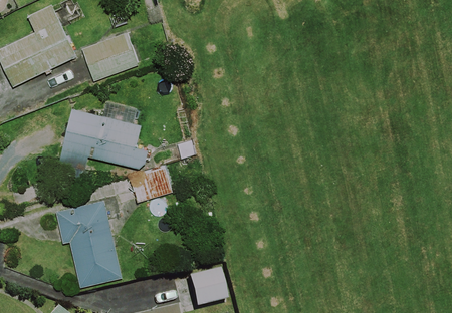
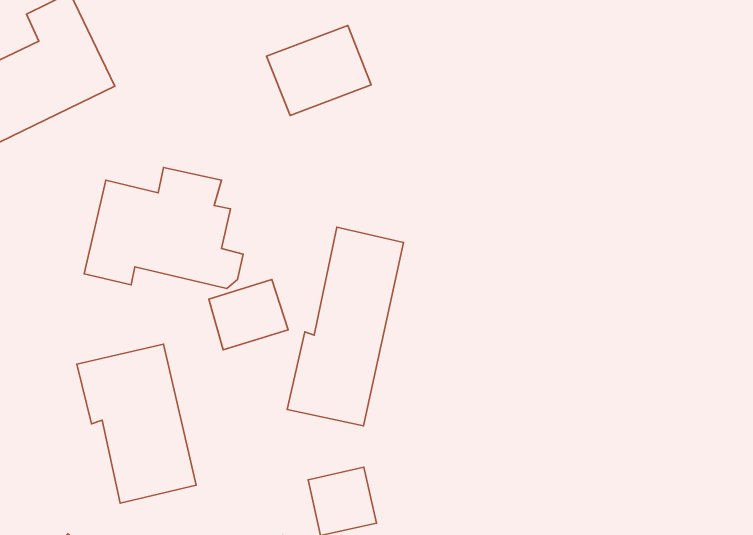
building: [80,31,139,81] -> [267,25,371,116]
building: none -> [287,227,404,426]

